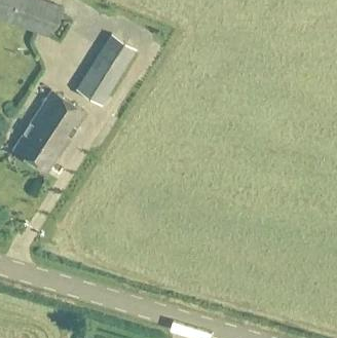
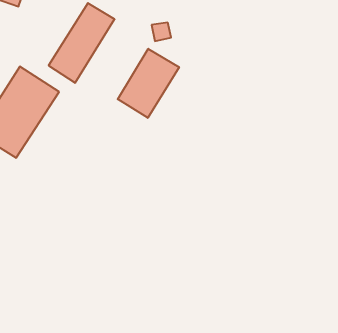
building: none -> [118,49,179,118]

